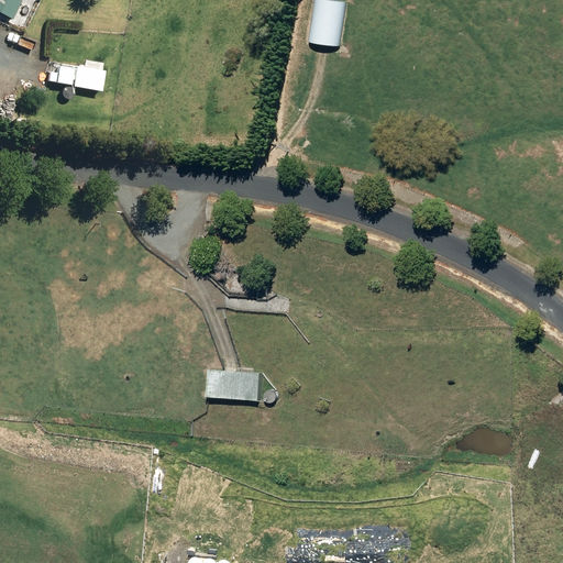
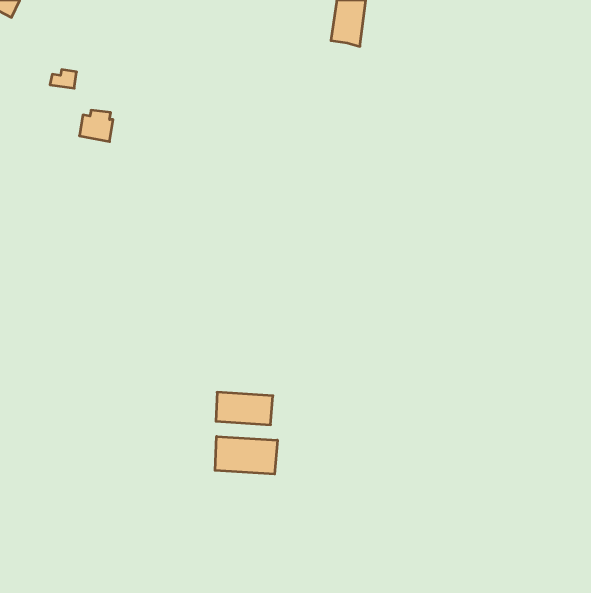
building: [73,60,104,90] -> [79,110,113,142]
building: none -> [215,436,277,474]

